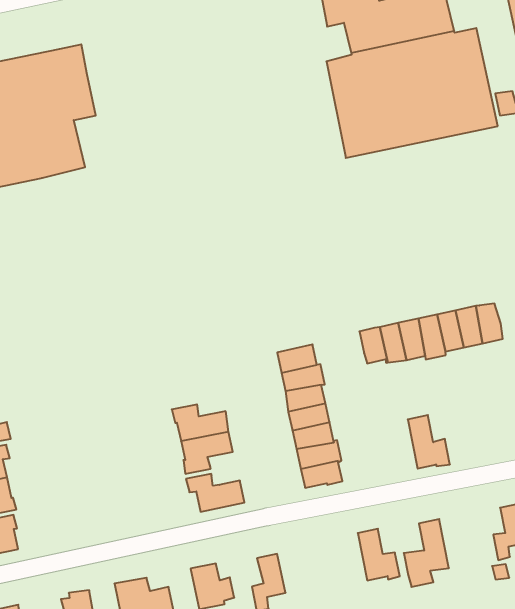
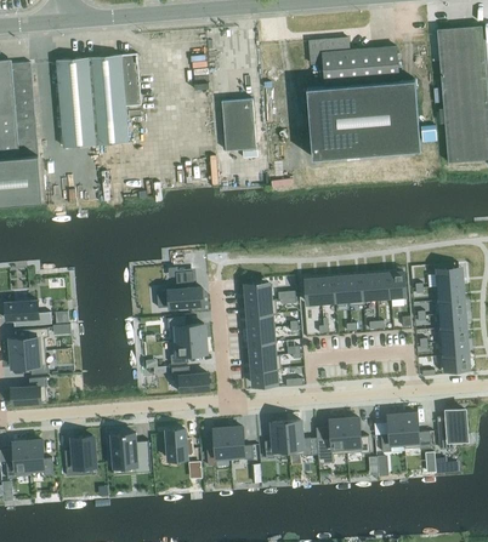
building: none -> [222,98,256,150]
building: none -> [157,270,203,308]
building: [408,415,450,469] -> [345,417,370,453]
building: none -> [265,421,289,458]
building: none -> [228,427,254,460]

